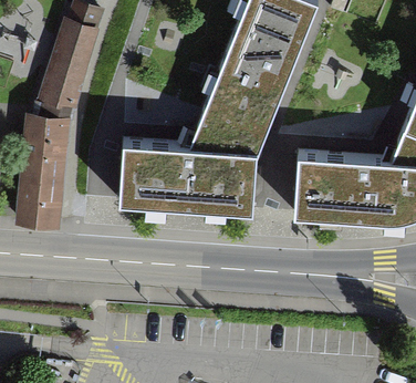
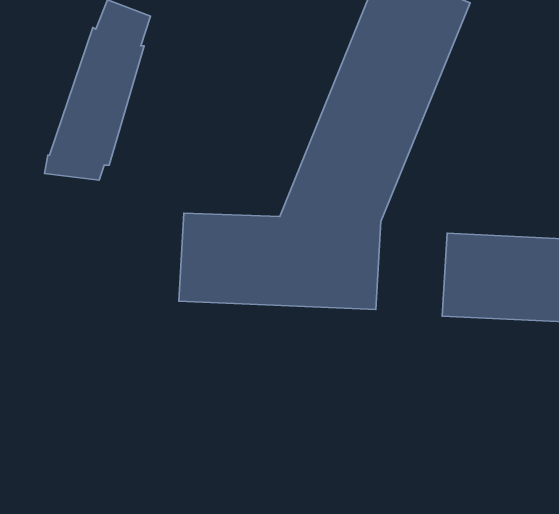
building: [14,123,67,231] -> none

